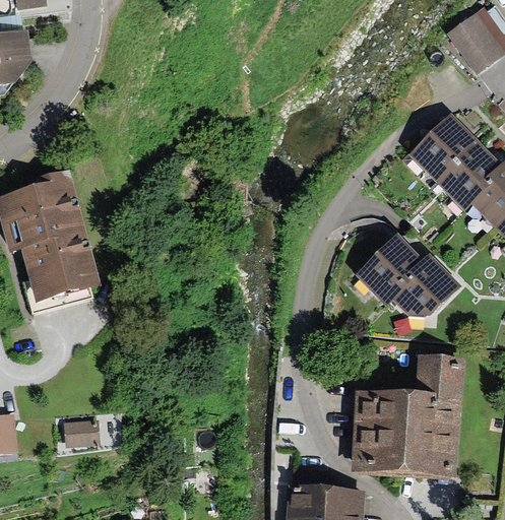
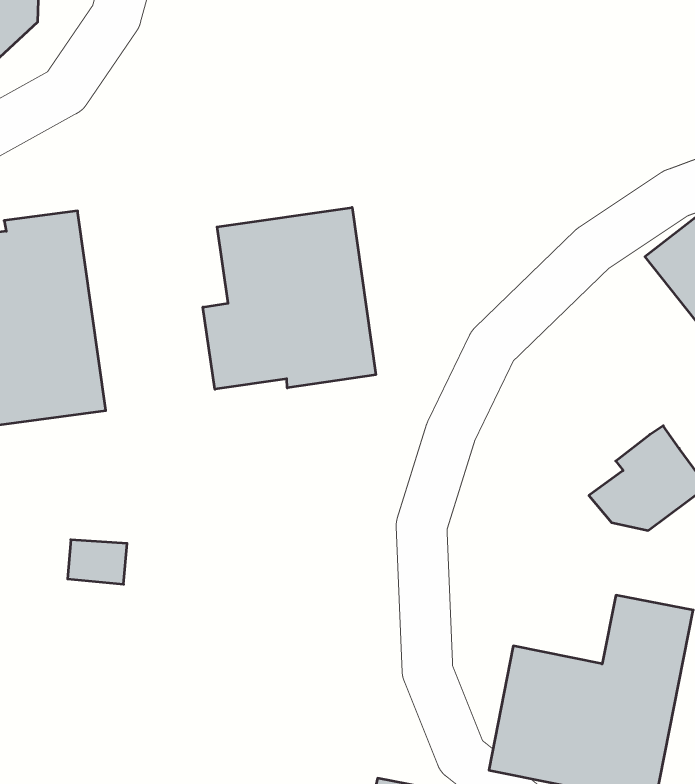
building: none -> [203,207,376,389]
building: [354,234,424,307] -> none
building: [64,419,99,445] -> [68,540,127,584]

